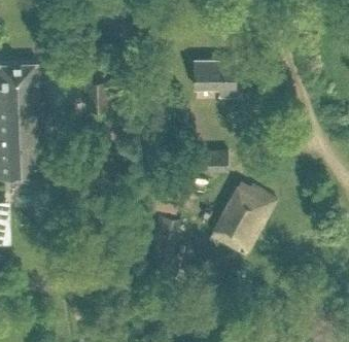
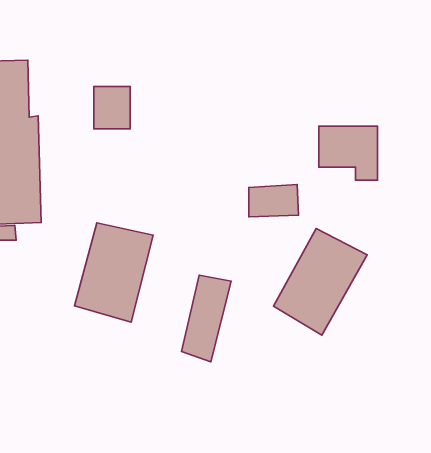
building: [196,60,237,98] -> [319,126,377,180]
building: none -> [74,223,153,322]

